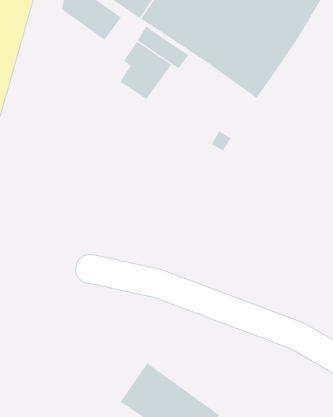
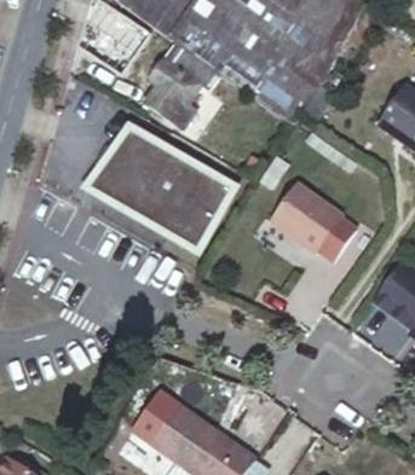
building: none -> [94,126,231,247]
building: none -> [270,180,342,250]
building: none -> [128,387,177,440]

